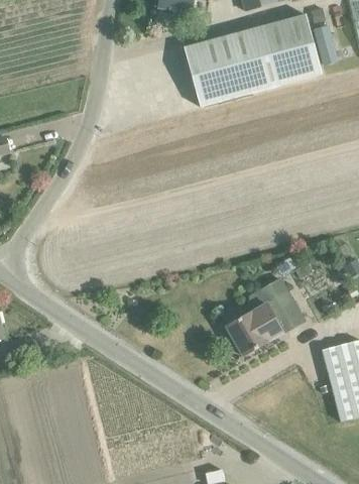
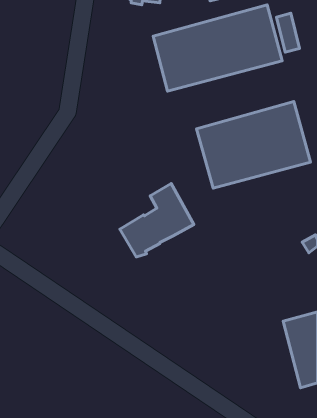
building: none -> [196,101,310,188]
building: [226,278,305,356] -> [120,184,194,257]

